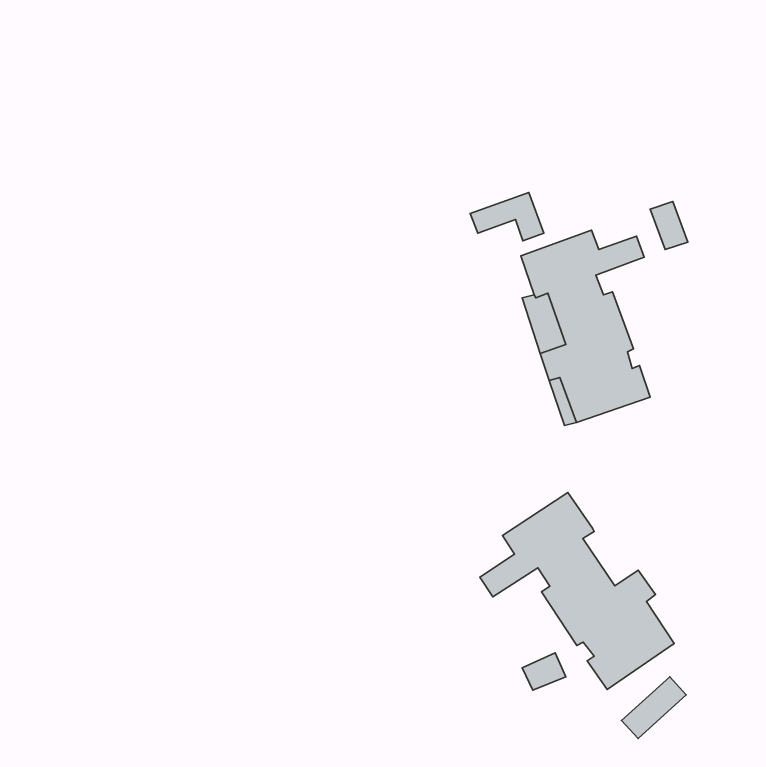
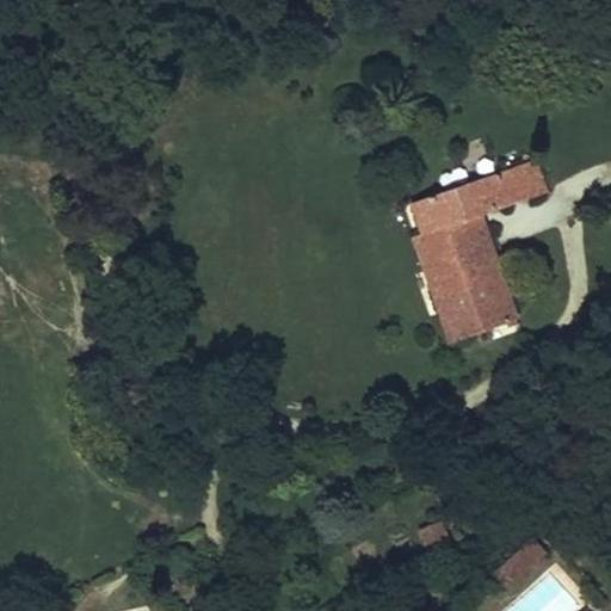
building: [470,193,544,241] -> [469,166,527,204]
building: [480,492,674,689] -> none

